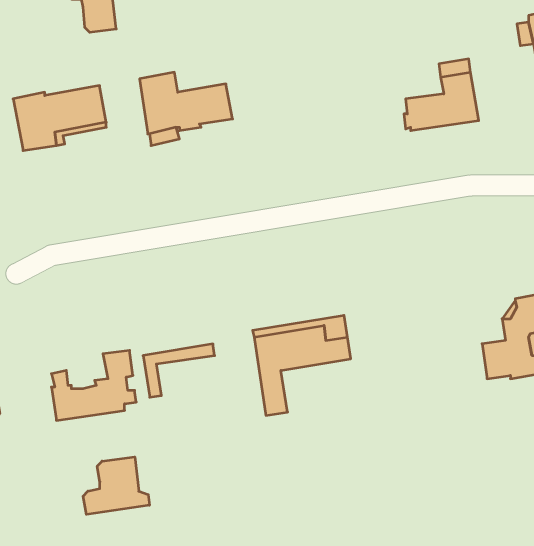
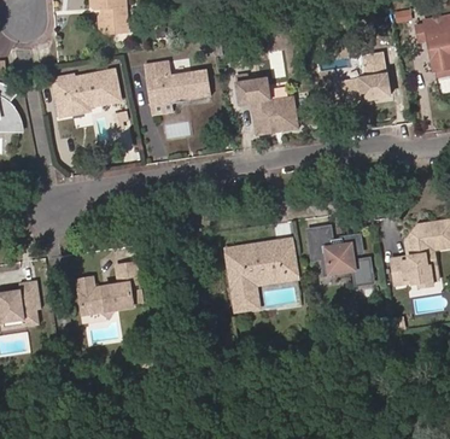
building: none -> [235,77,298,133]
building: none -> [309,227,373,283]
building: [143,344,215,397] -> [246,269,298,308]
building: [83,457,149,514] -> none

